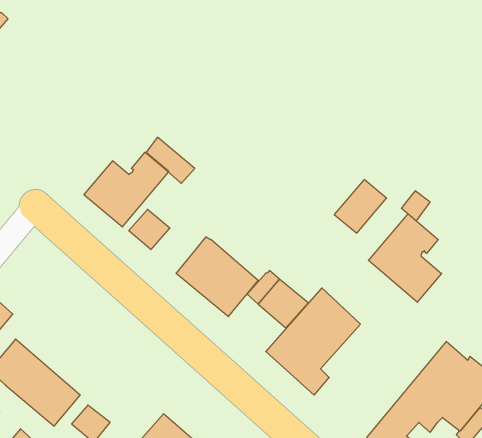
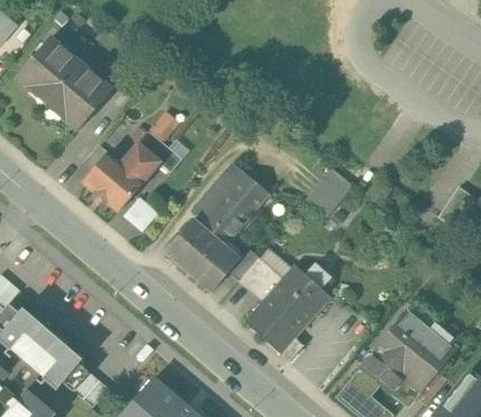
building: none -> [16,37,111,129]
building: none -> [192,163,267,244]
building: [368,214,442,302] -> none

